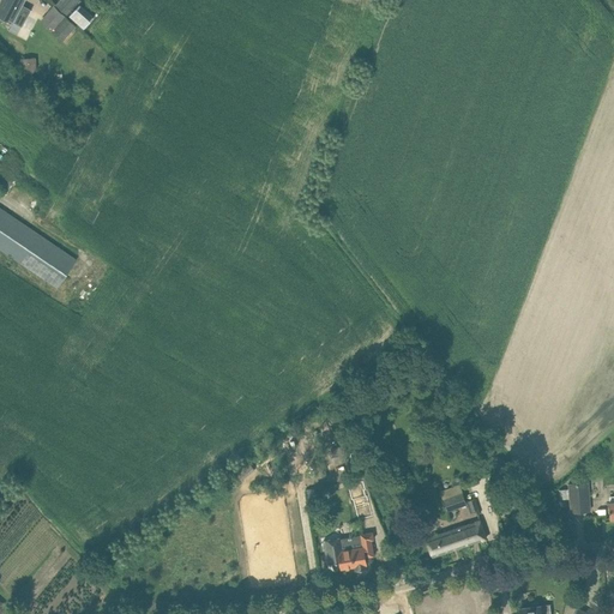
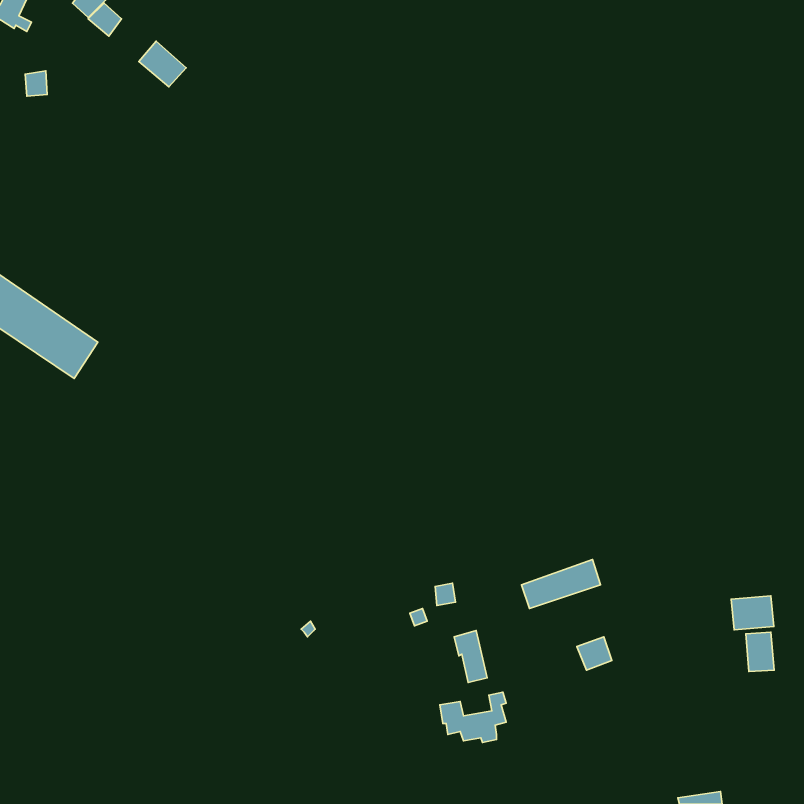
building: [40,5,76,40] -> [139,41,186,87]
building: none -> [731,596,774,630]
building: [425,518,484,555] -> [522,560,600,608]

